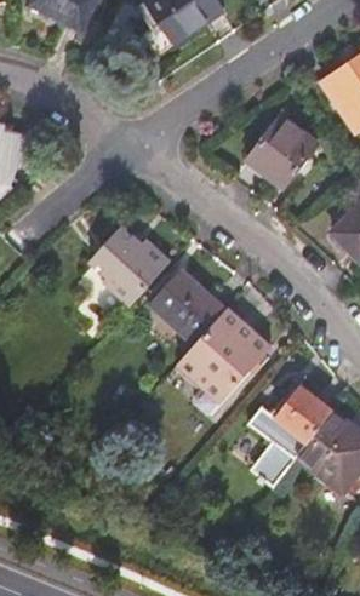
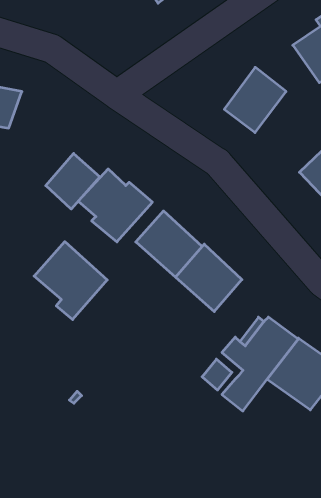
building: none -> [46,153,100,209]
building: none -> [34,242,107,320]
building: [178,345,239,403] -> none

